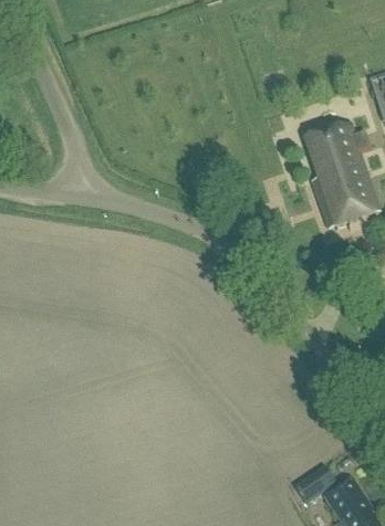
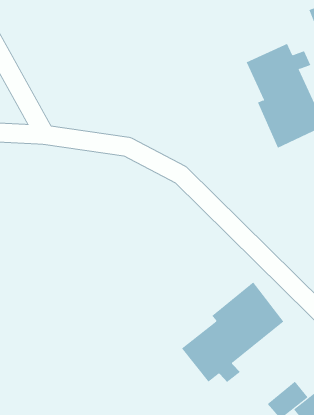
building: none -> [181,281,284,383]

